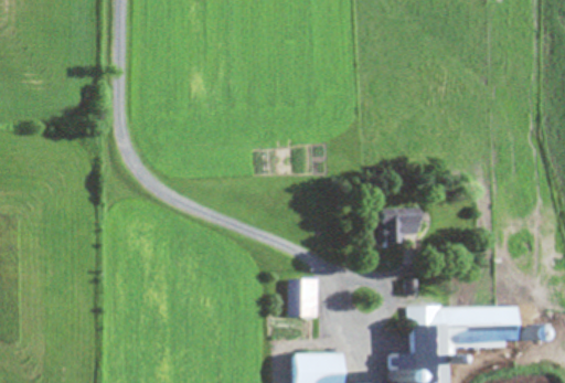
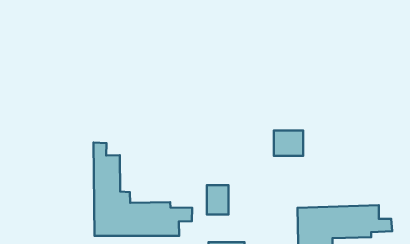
building: none -> [93,143,192,236]

